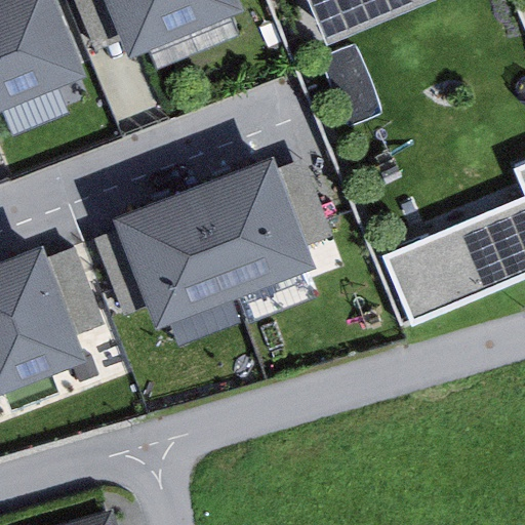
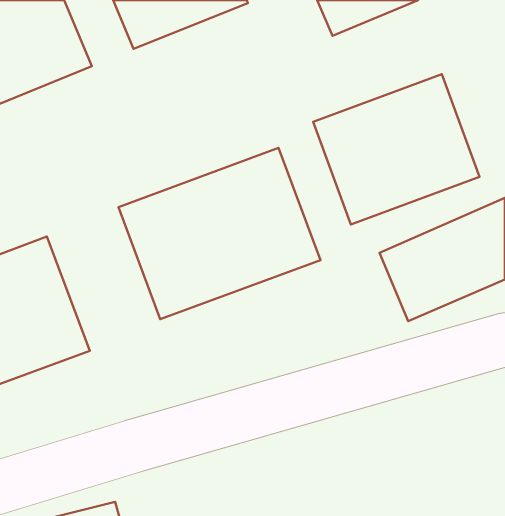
building: none -> [313,74,480,224]

